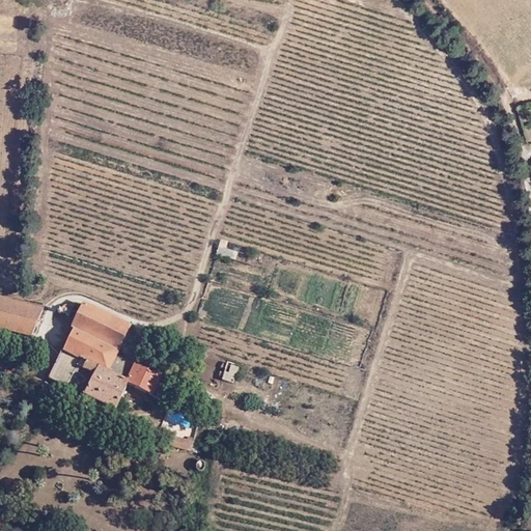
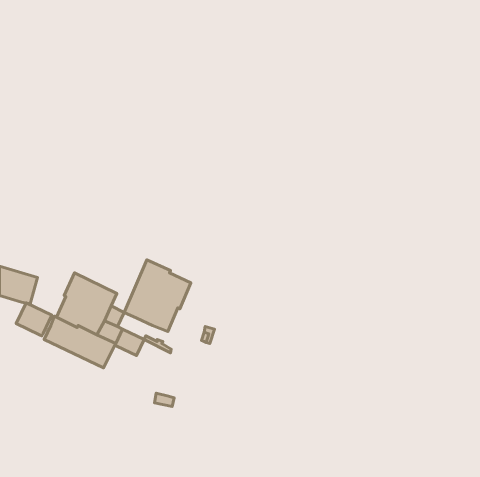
building: none -> [124,260,191,331]
building: none -> [16,303,52,336]

